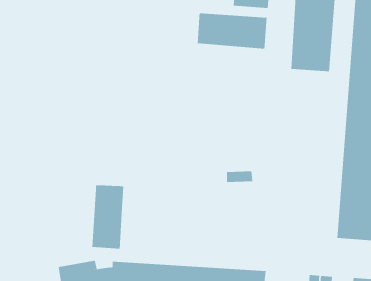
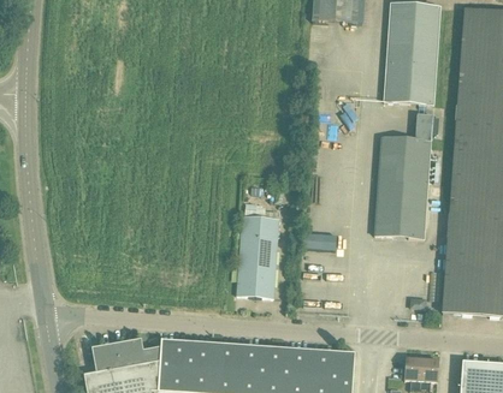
building: [197,12,267,50] -> none
building: none -> [374,113,432,237]
building: [92,184,124,249] -> [237,214,278,296]

